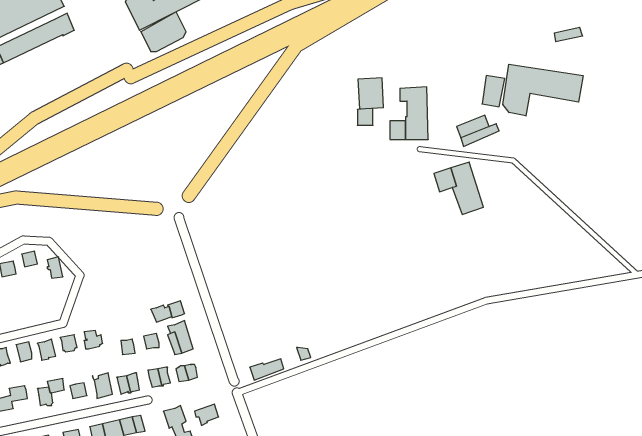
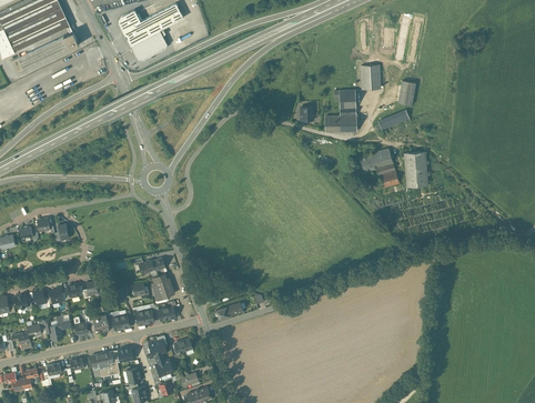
building: [503,64,583,116] -> none
building: [358,78,383,109] -> [360,64,380,89]
building: none -> [403,151,428,185]

